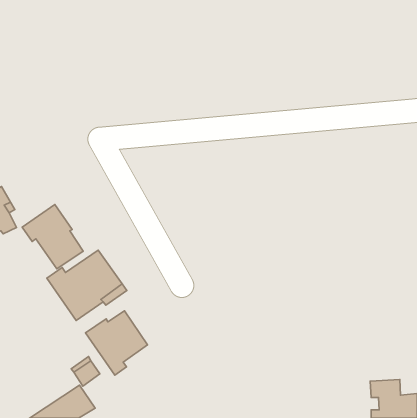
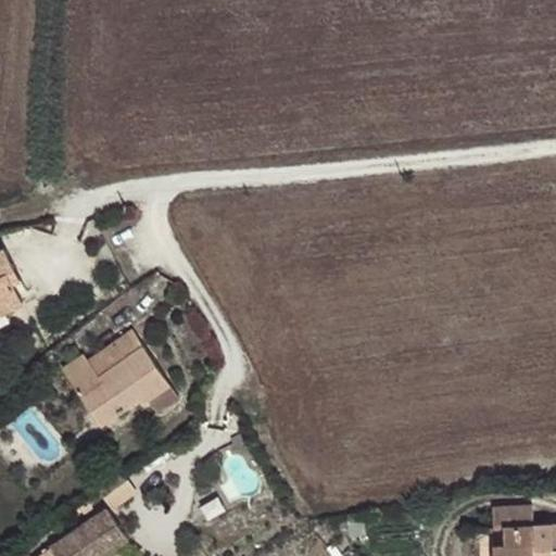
building: [22,205,83,269] -> none
building: [86,311,148,375] -> none

